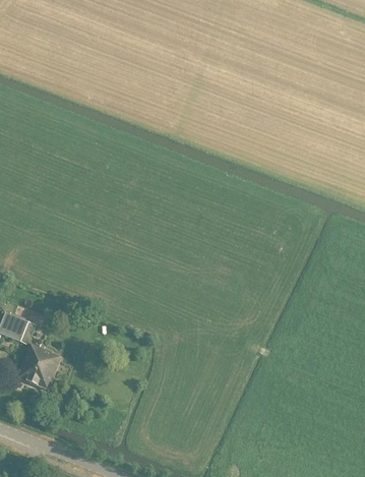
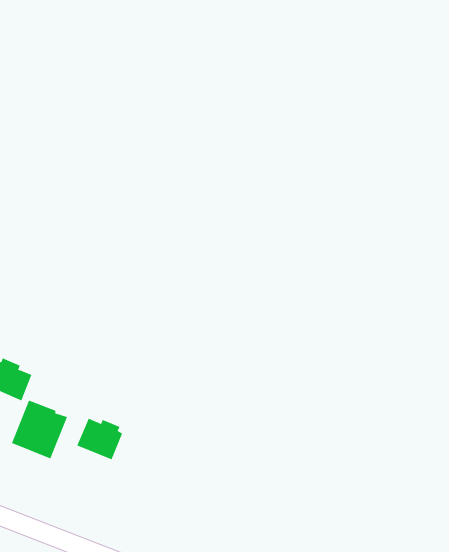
building: none -> [76,418,123,460]

